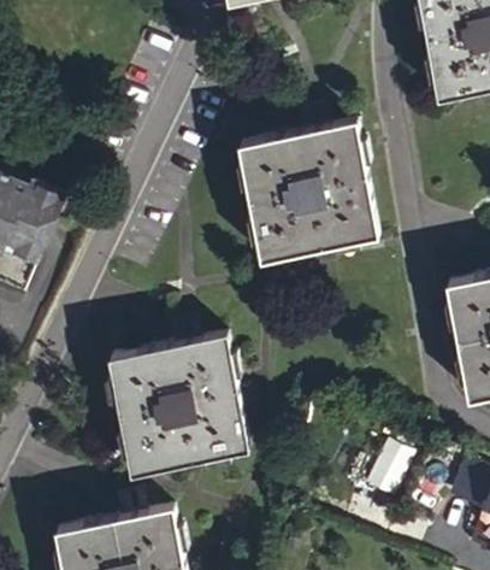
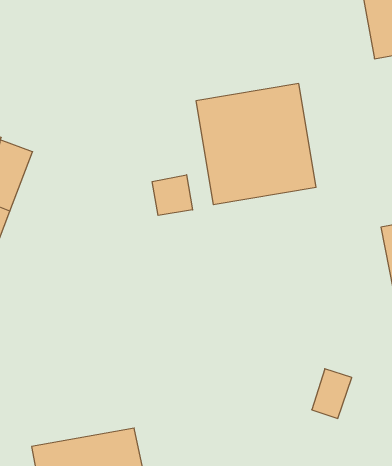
building: none -> [152,175,193,215]
building: [111,331,248,470] -> none

